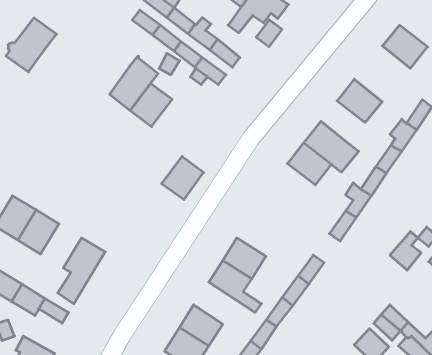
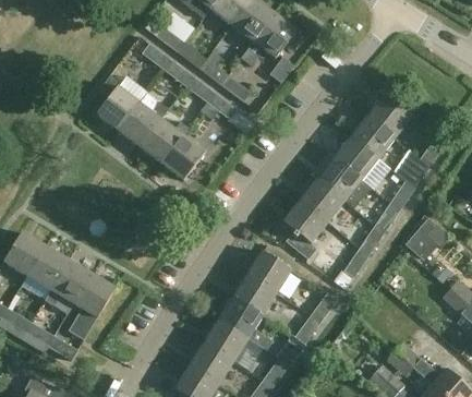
building: [6,18,57,72] -> [97,75,148,130]
building: [382,25,428,68] -> [367,94,413,137]
building: none -> [334,136,378,180]
building: [162,156,204,200] -> [162,135,205,179]
building: none -> [282,200,328,258]
building: none -> [249,251,293,293]
building: none -> [45,261,92,314]
building: [390,231,421,270] -> [404,220,436,260]
building: none -> [205,320,267,362]

